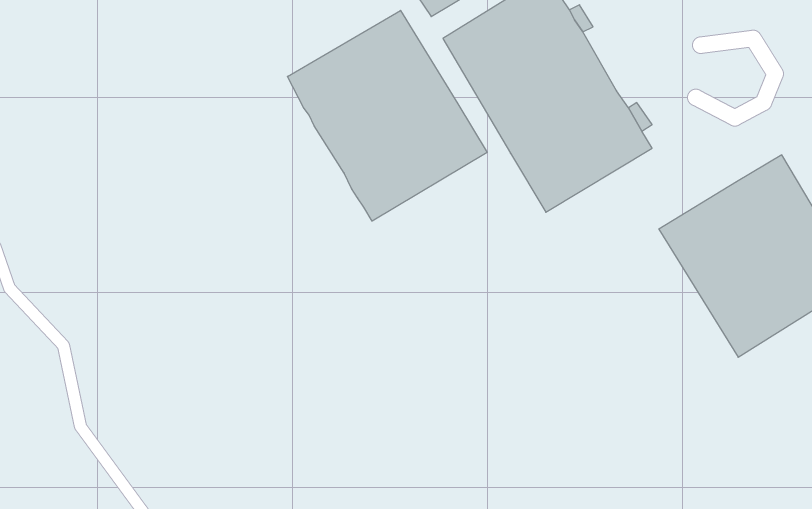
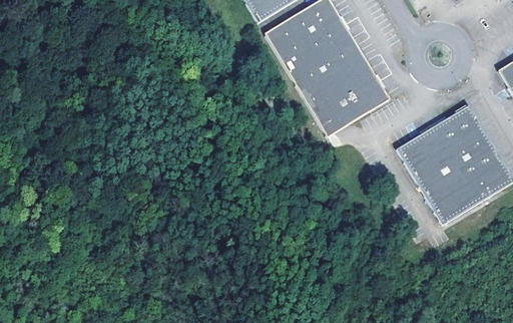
building: [287,10,487,221] -> none

